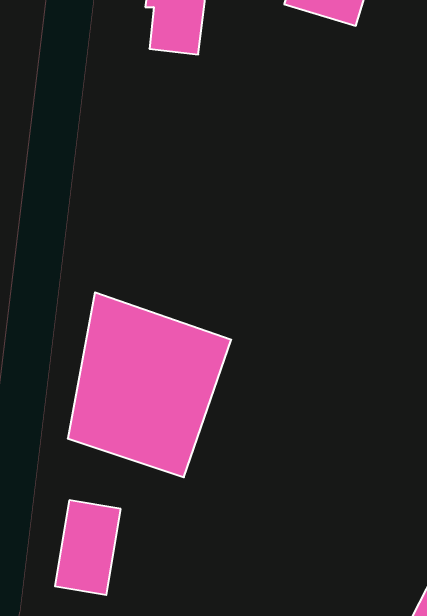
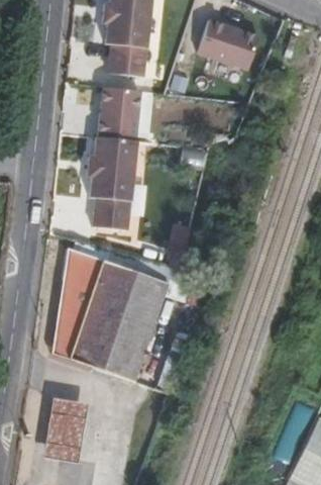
building: none -> [102,88,137,140]
building: none -> [89,141,139,237]

